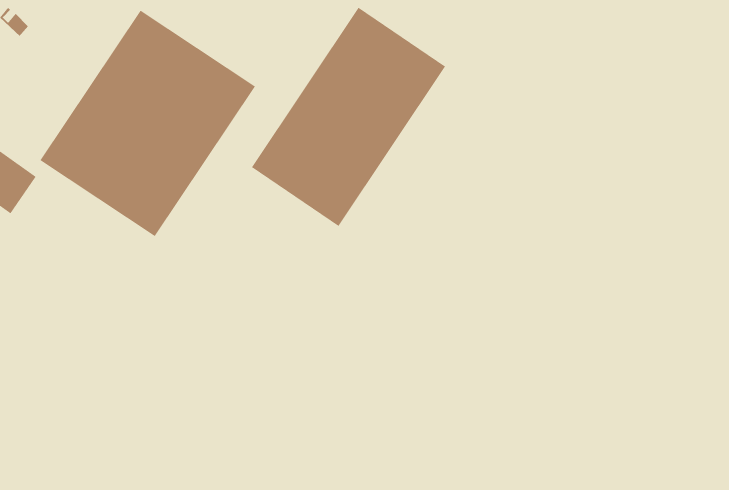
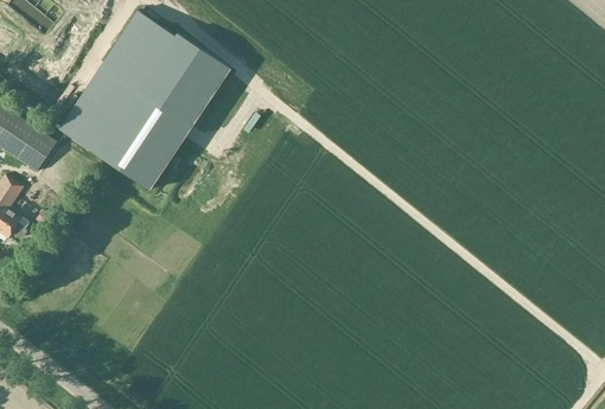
building: [251,7,446,227] -> none

